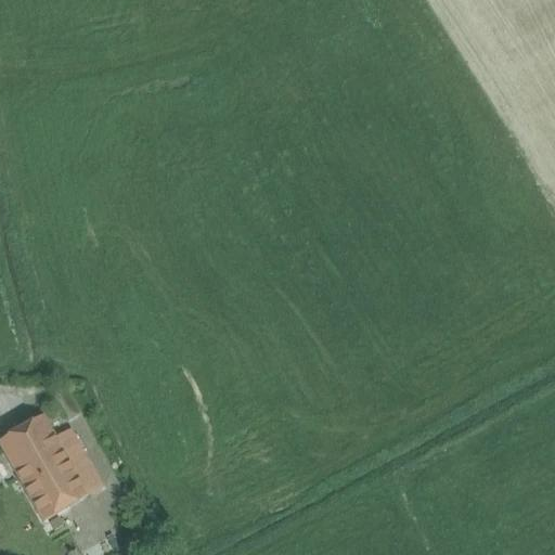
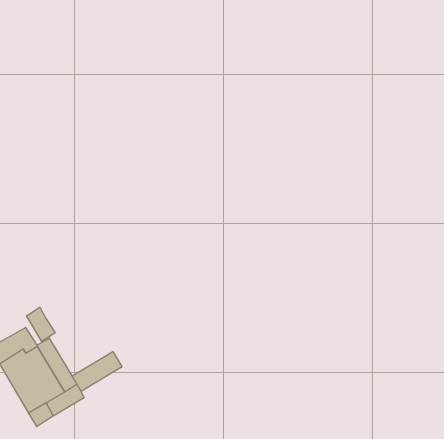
building: none -> [27,307,55,342]
building: none -> [72,352,122,391]

